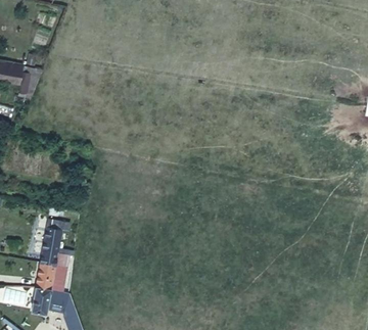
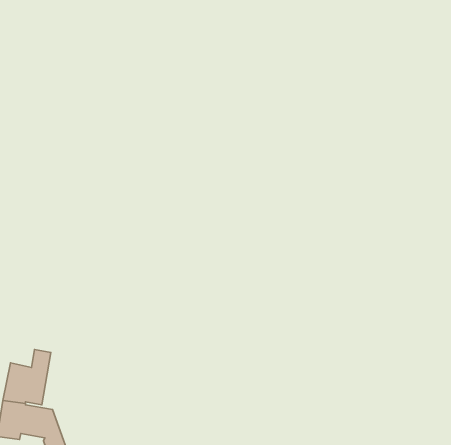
building: [40,220,68,265] -> none

